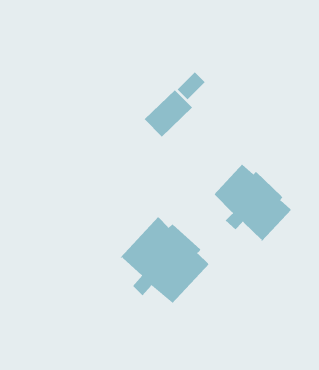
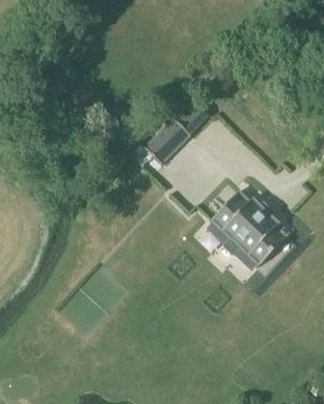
building: [120,216,210,304] -> none

